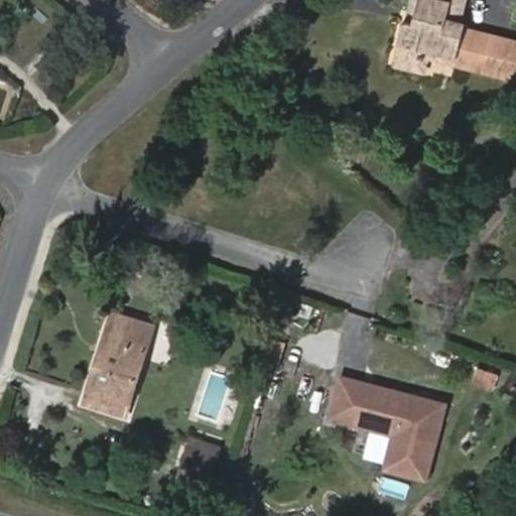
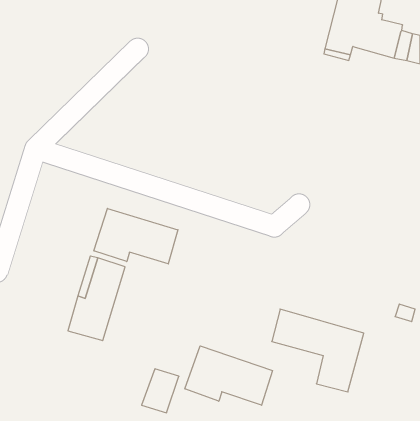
building: none -> [94,208,178,264]
building: none -> [185,346,273,405]

